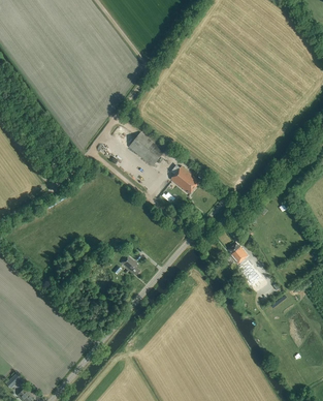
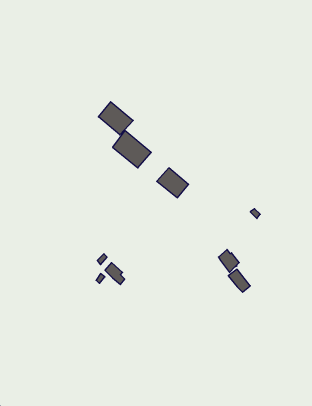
building: none -> [98,102,133,135]

